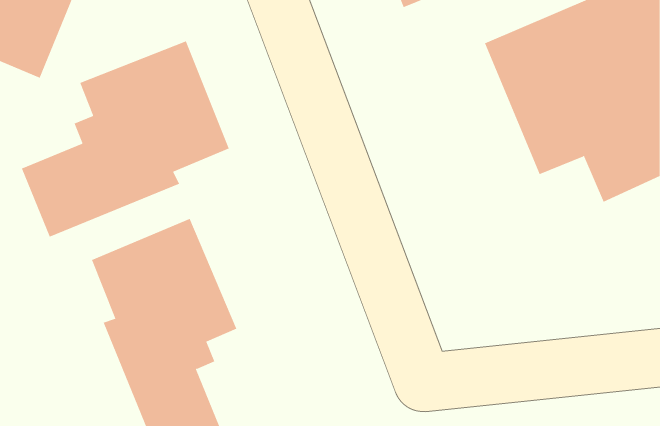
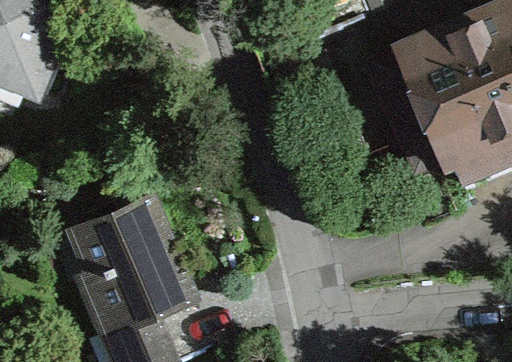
building: [21,41,229,237] -> none

